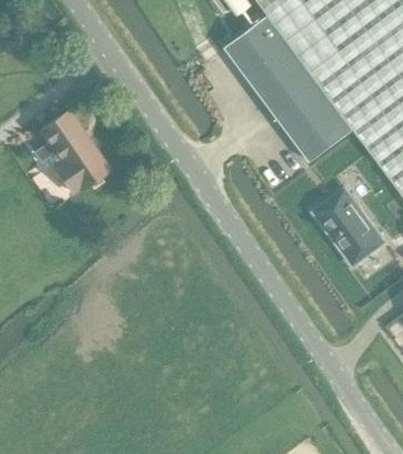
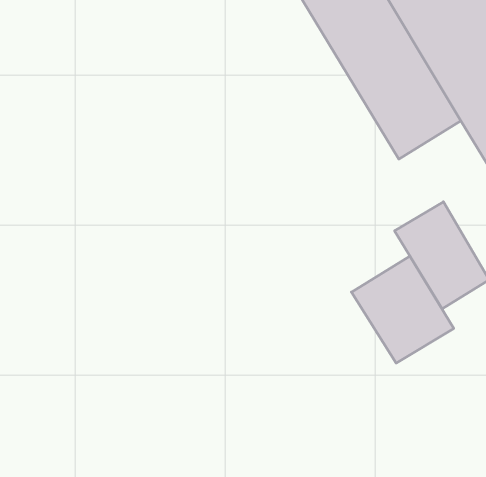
building: [34,111,110,193] -> none
building: none -> [351,256,454,363]

